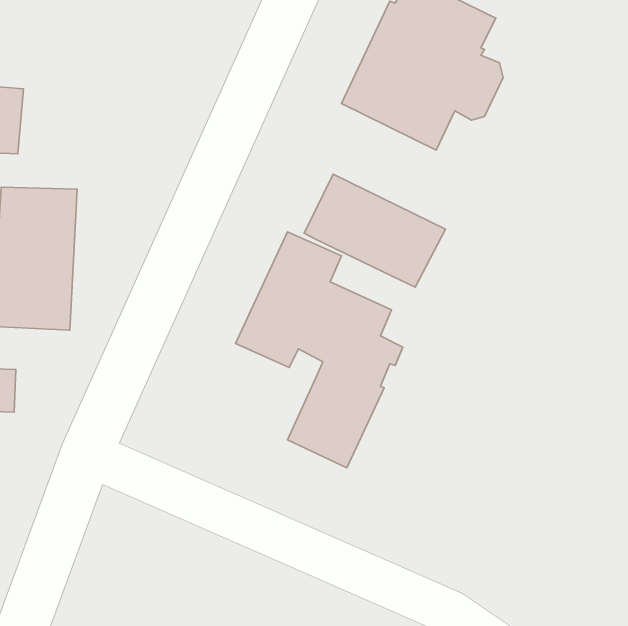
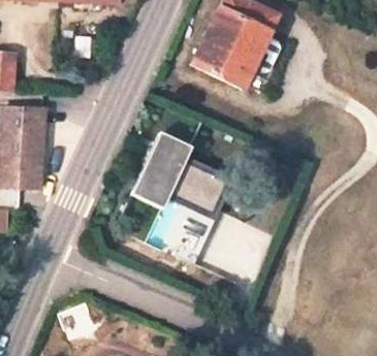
building: [304,174,446,287] -> none

